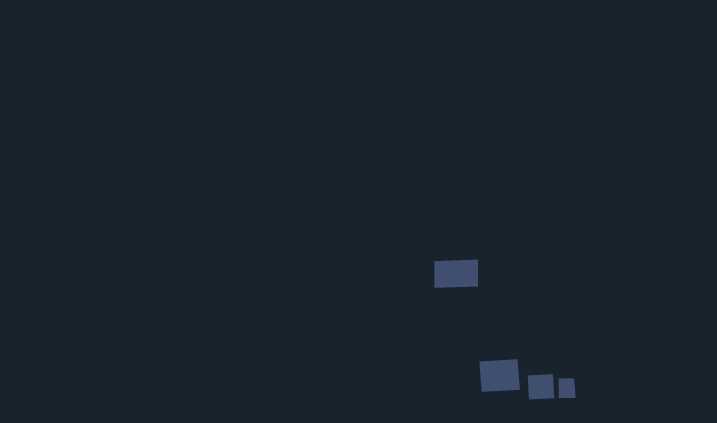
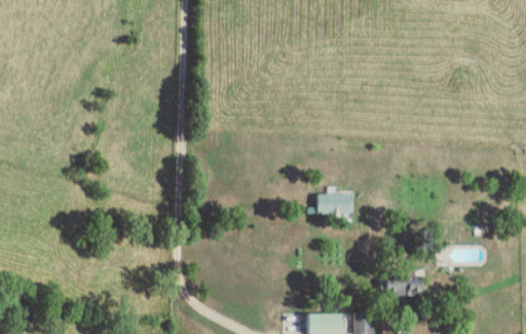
building: [479,359,521,393] -> none

